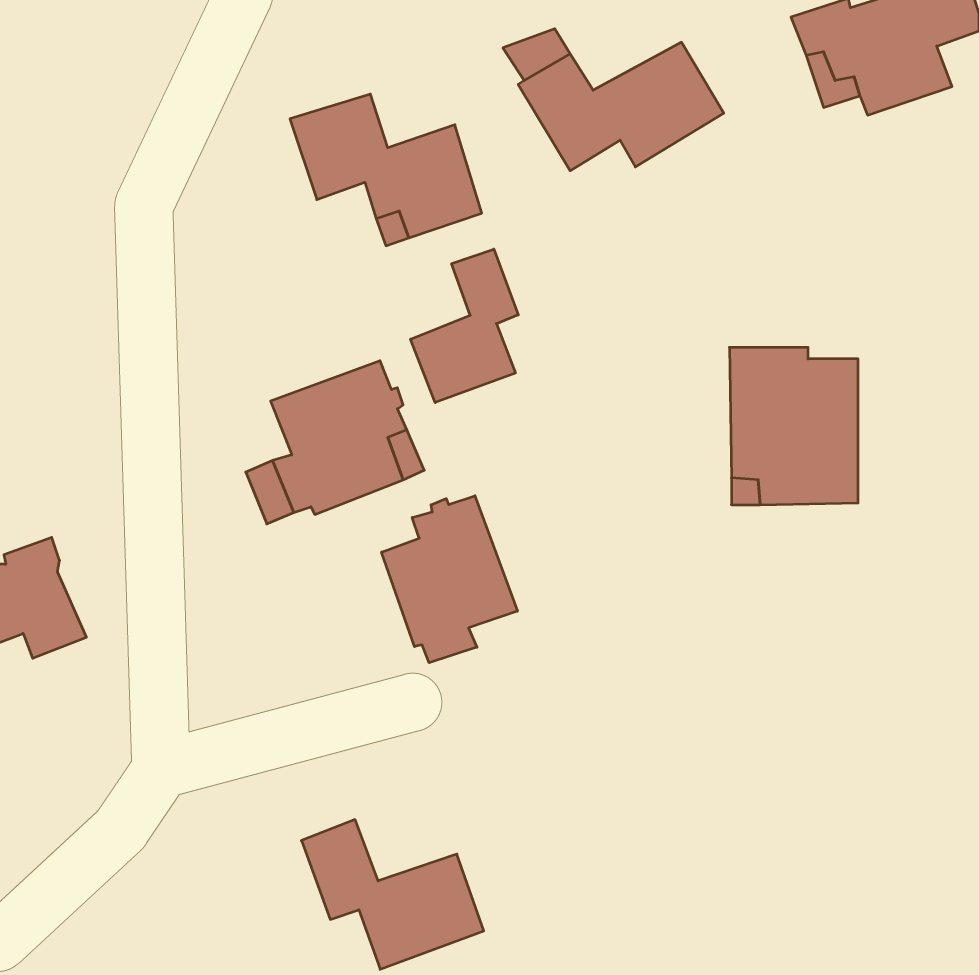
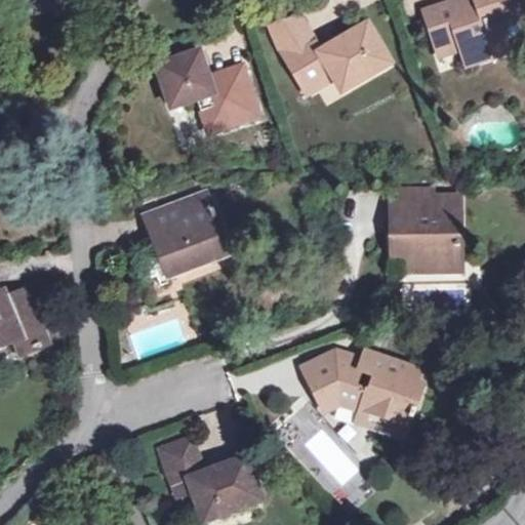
building: [411,249,518,403] -> none
building: [382,496,517,663] -> none
building: none -> [302,349,418,428]

